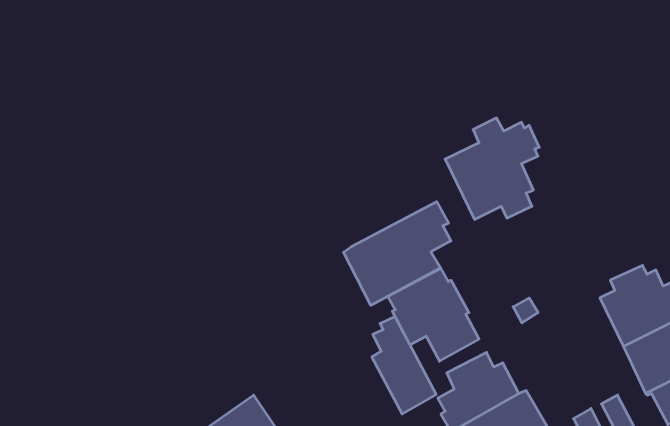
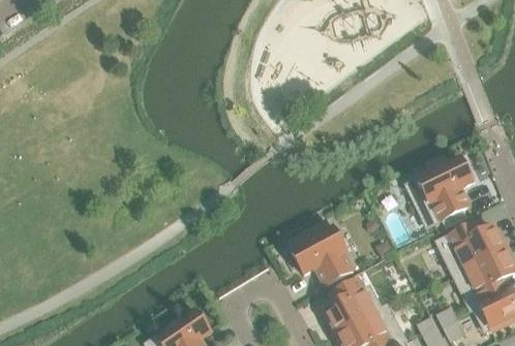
building: [445,118,539,219] -> [406,155,473,226]
building: [344,202,451,305] -> none
building: [372,316,436,414] -> none

